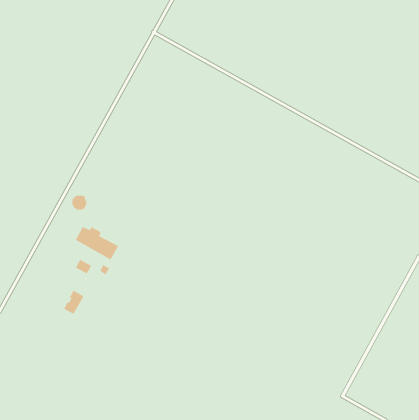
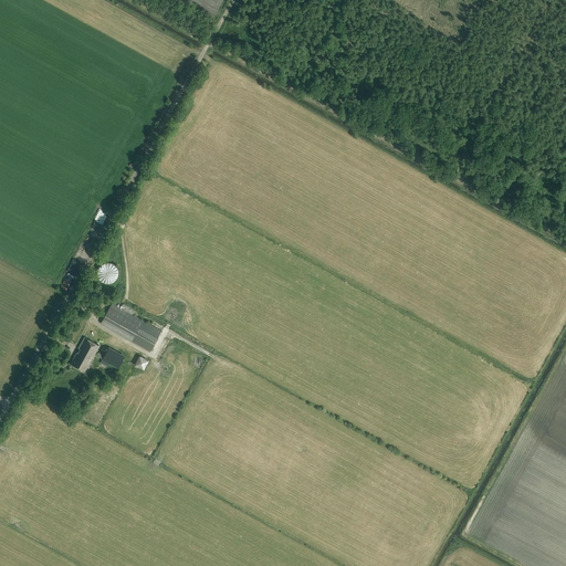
building: [63,289,85,315] -> [70,337,98,371]

